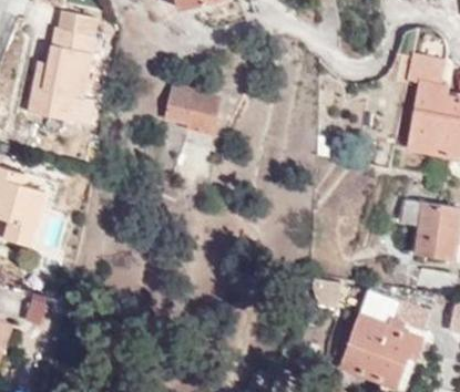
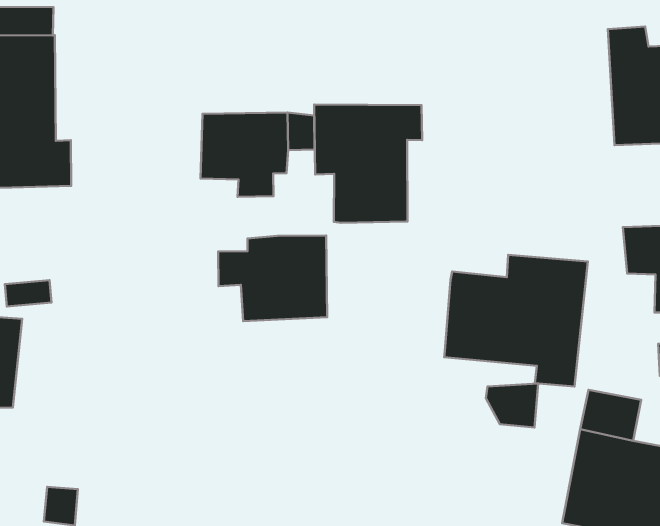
building: none -> [314,104,422,223]
building: none -> [218,236,327,321]
building: none -> [444,255,588,387]

